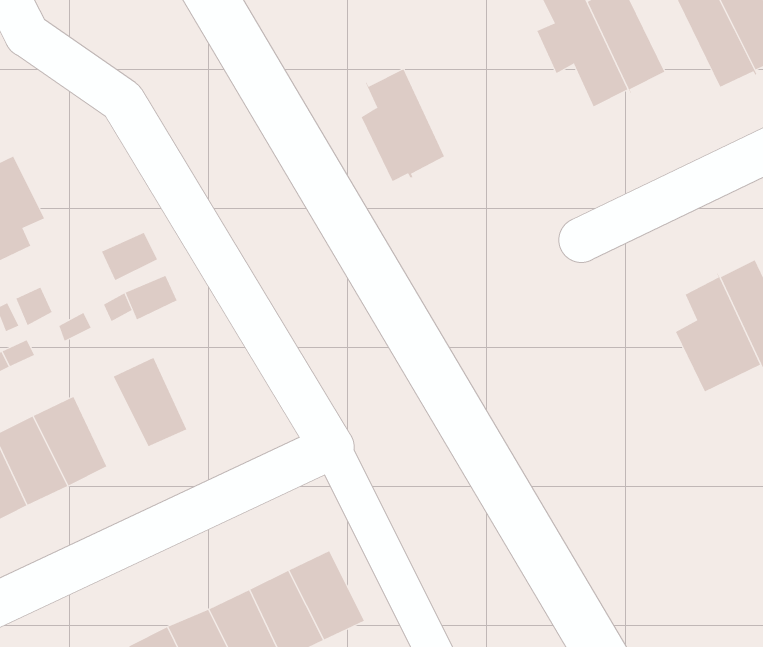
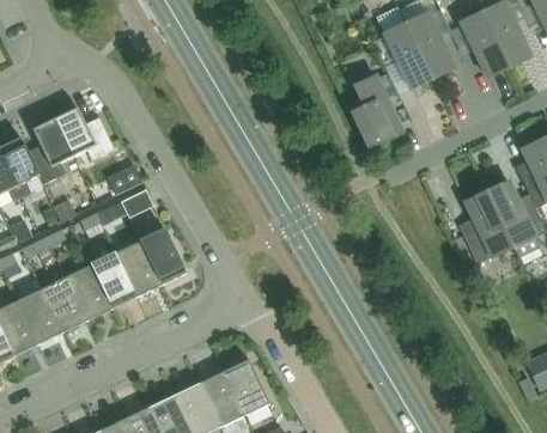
building: [361,68,445,182] -> [350,77,401,146]
building: none -> [54,108,114,160]
building: none -> [140,230,187,286]
building: none -> [91,254,136,309]

